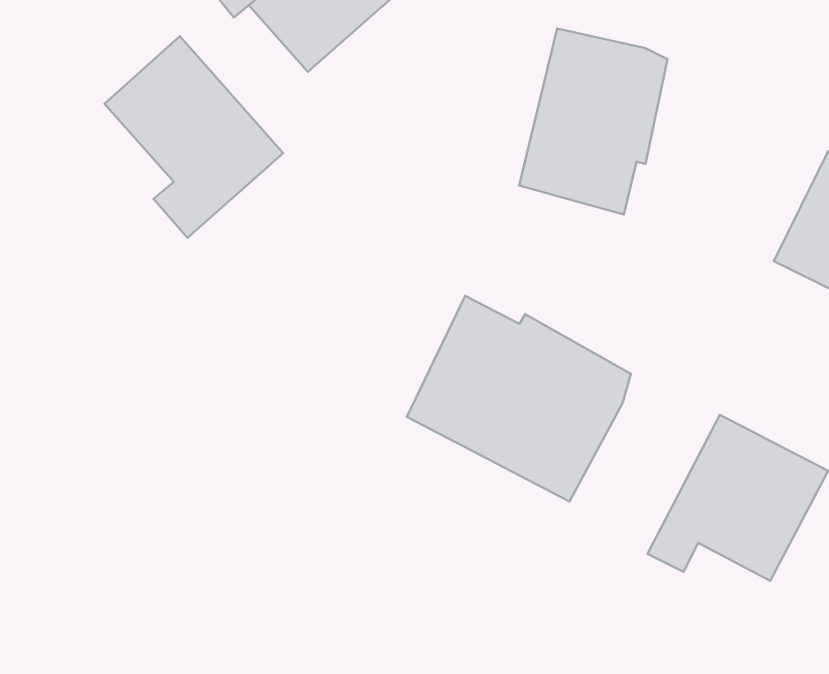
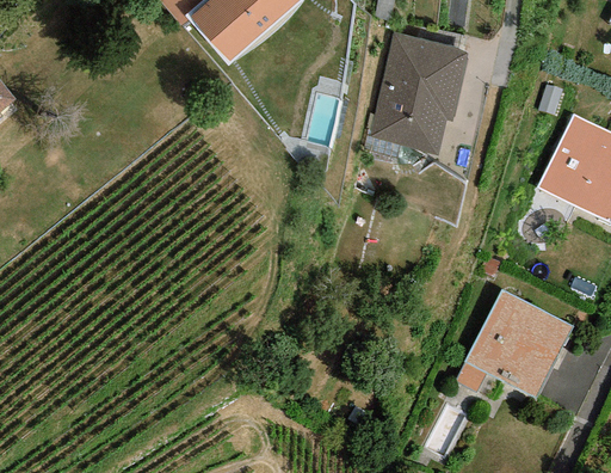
building: [104,36,283,238] -> none
building: [407,296,631,501] -> none

